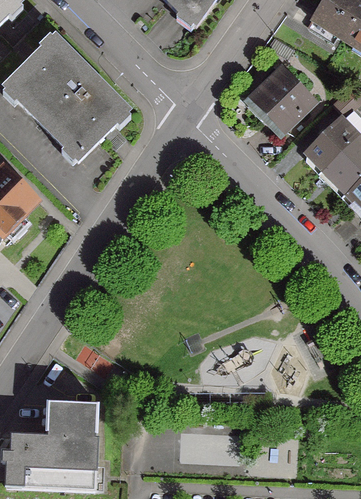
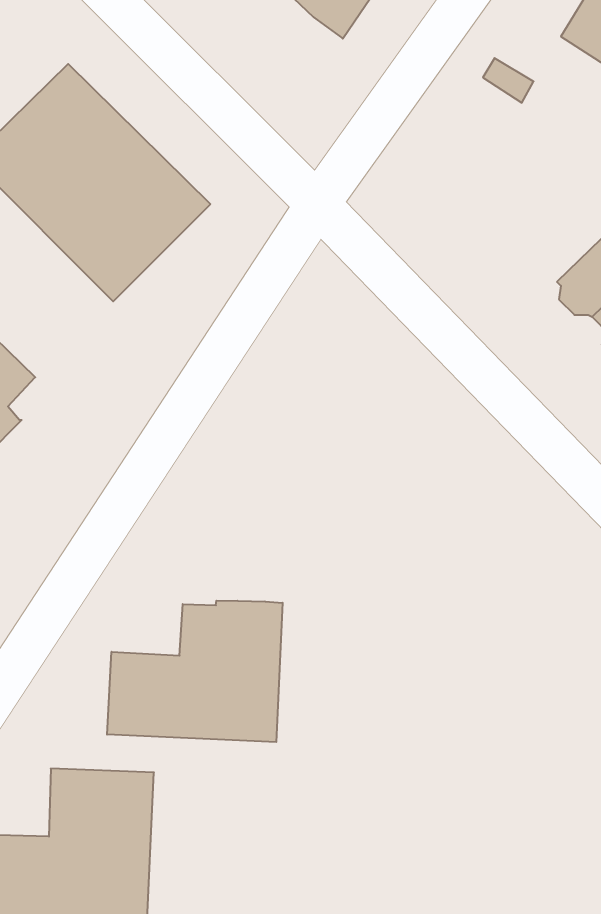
building: [246,66,312,133] -> none
building: none -> [107,601,283,742]

